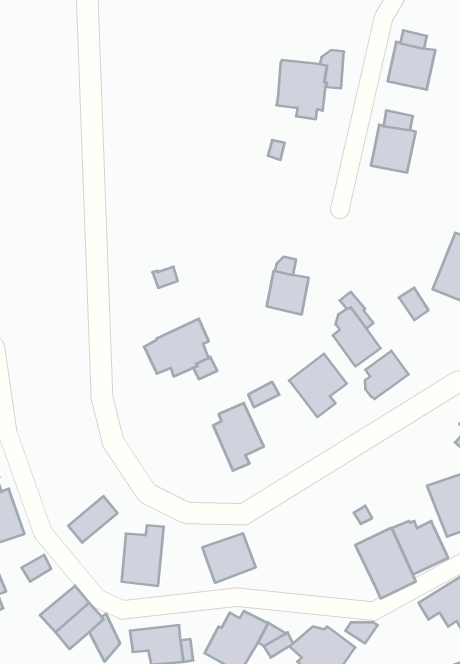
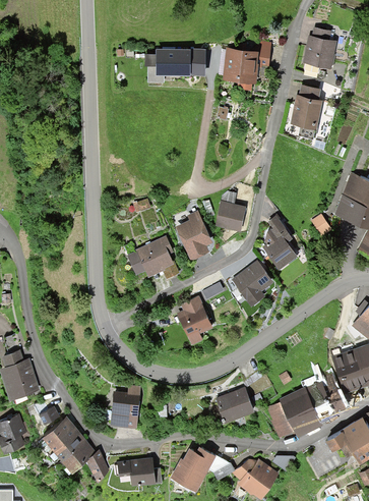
building: none -> [145,48,206,82]
building: none -> [176,210,212,261]
building: [365,351,409,399] -> none
building: [68,496,117,543] -> [42,416,77,450]
building: [202,533,256,583] -> [216,388,254,424]
building: none -> [266,401,295,438]

